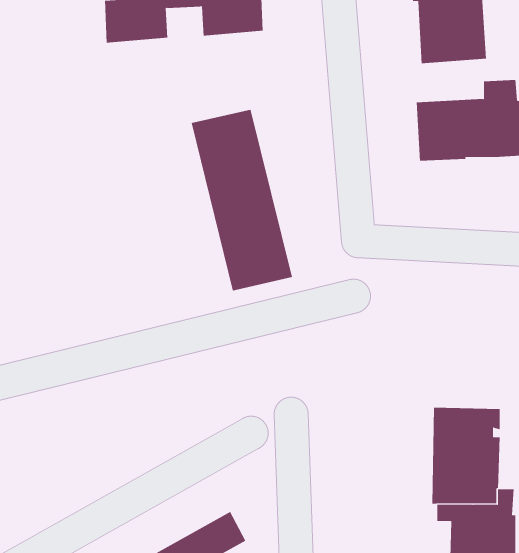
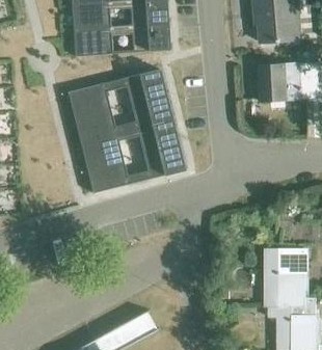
building: none -> [72,23,168,56]
building: none -> [66,83,129,193]

